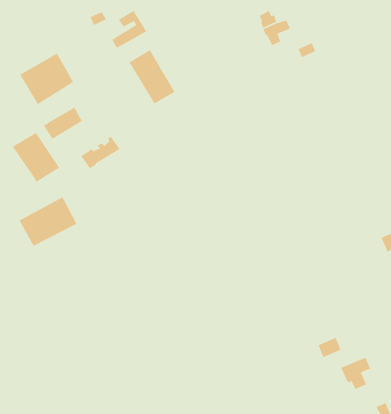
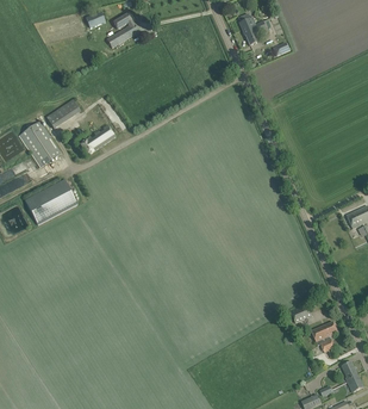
building: [129,49,176,105] -> none
building: [19,52,74,105] -> none

